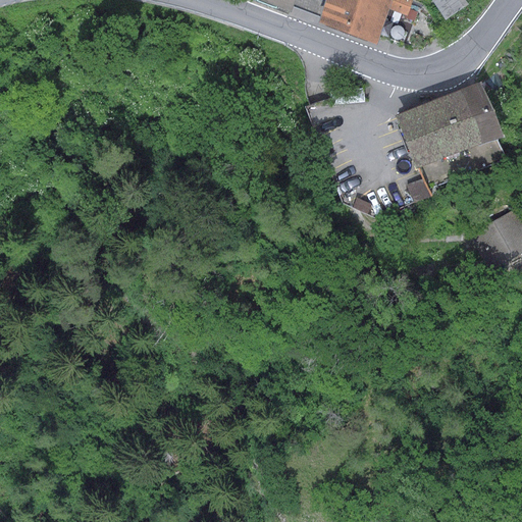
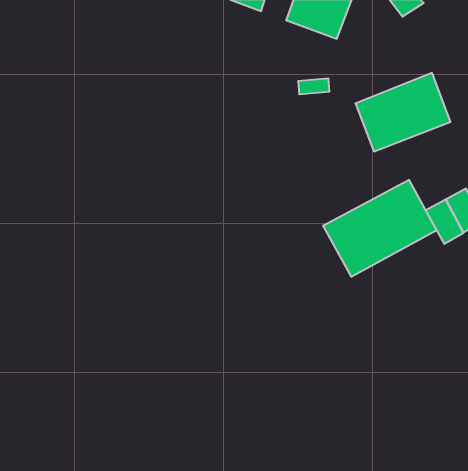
building: none -> [323,180,436,277]

